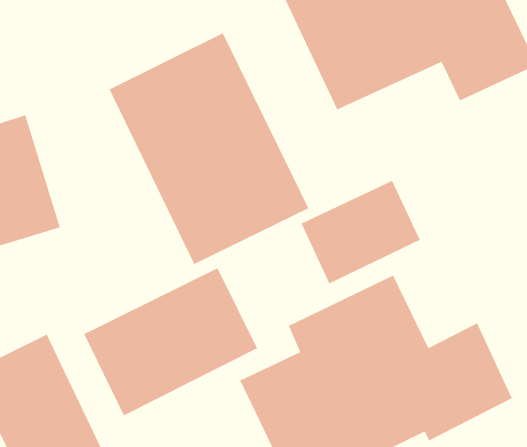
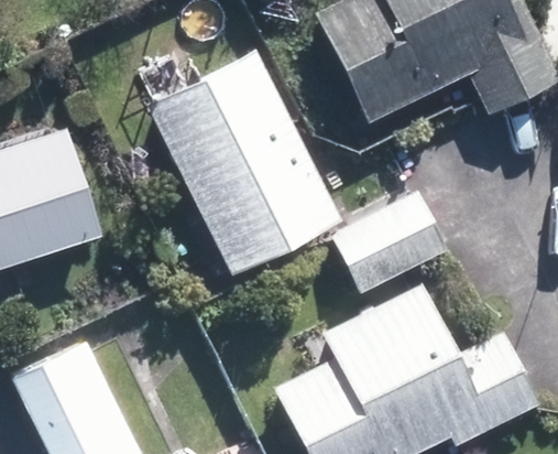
building: [83,267,258,417] -> none

